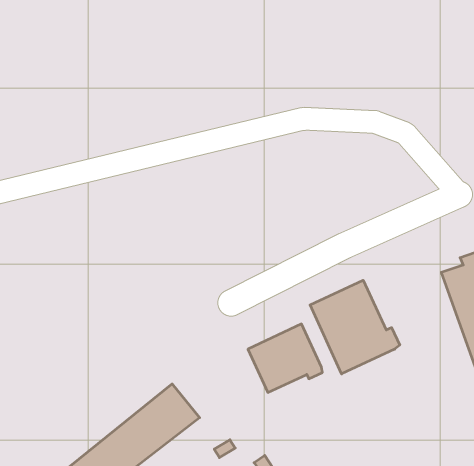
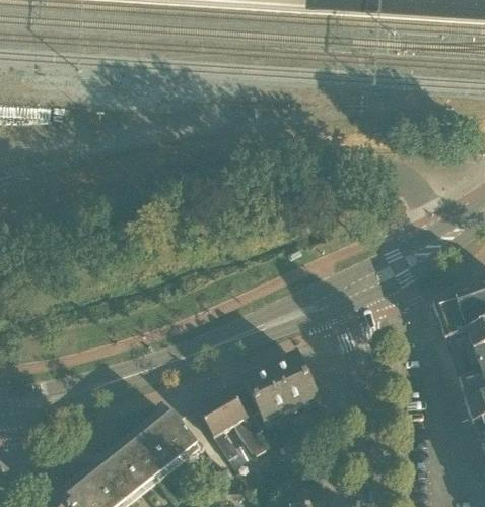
building: [310,280,400,374] -> none
building: none -> [196,383,267,454]

